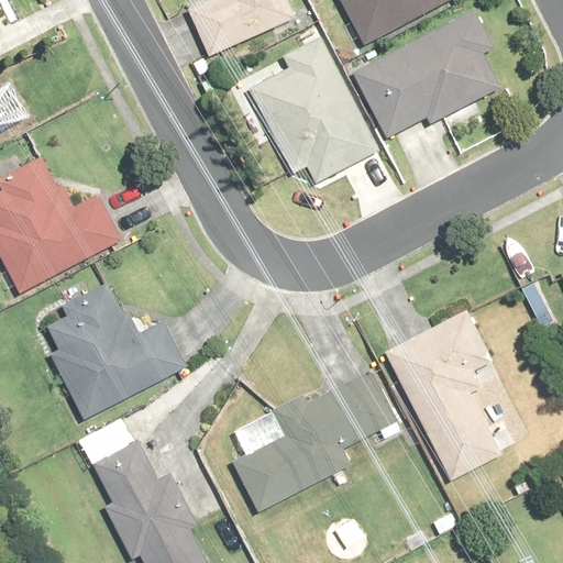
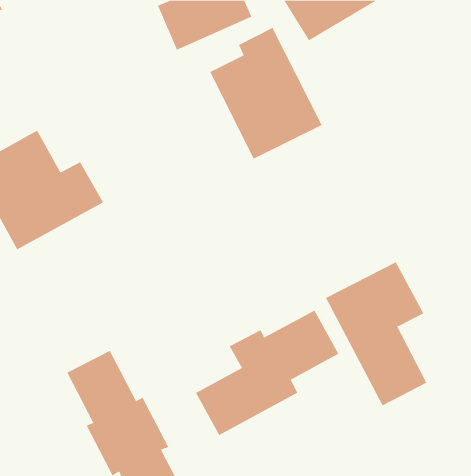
building: [351,5,507,136] -> none
building: [32,280,188,421] -> none

